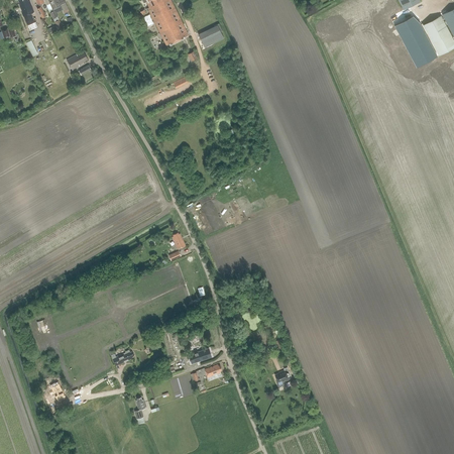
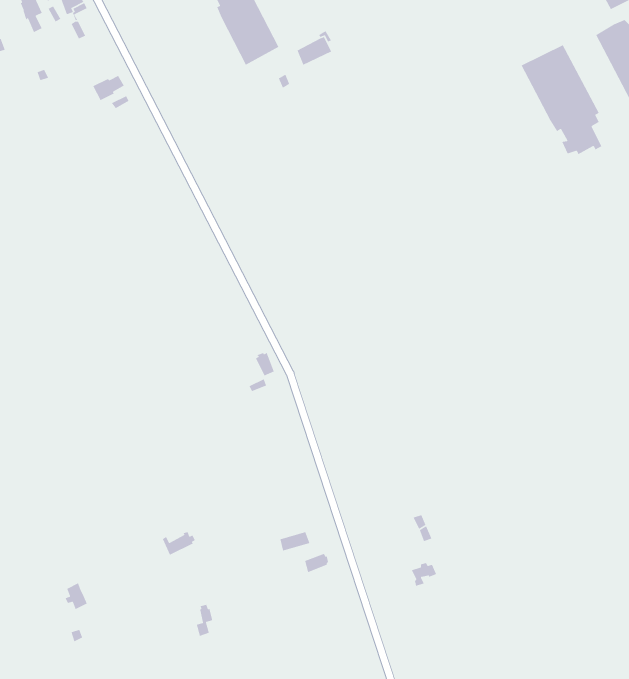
building: none -> [521,44,602,155]

